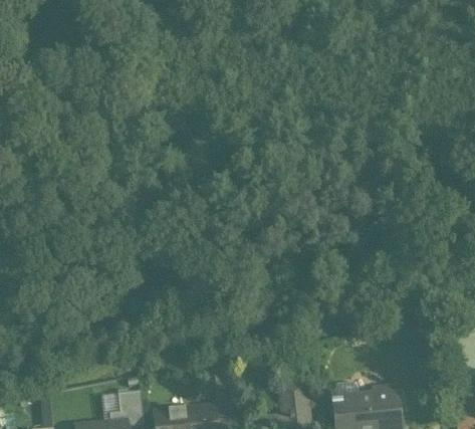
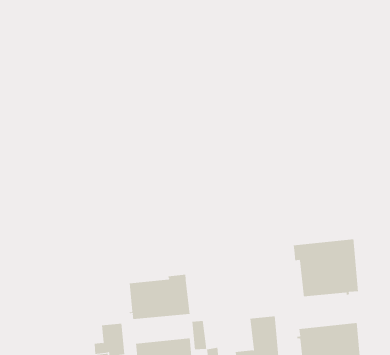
building: none -> [293,238,358,297]
building: none -> [129,274,190,320]

